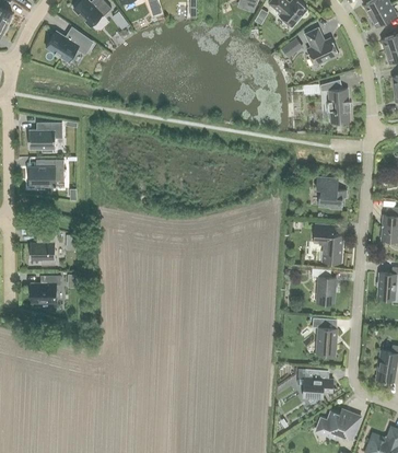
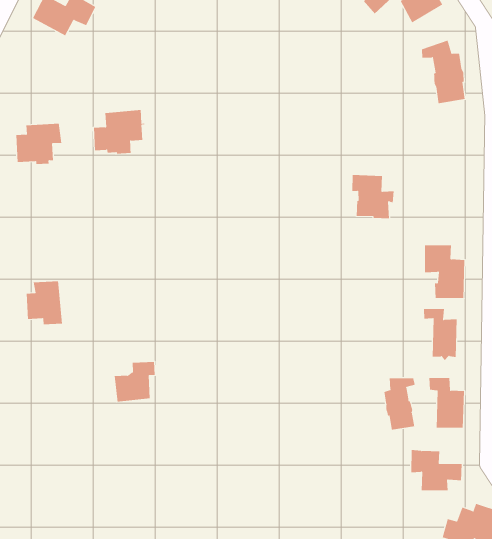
building: [30,159,67,189] -> [93,110,145,154]
building: [316,176,347,209] -> [351,175,394,219]
building: [31,275,60,302] -> [114,361,156,402]
building: none -> [384,377,416,431]

